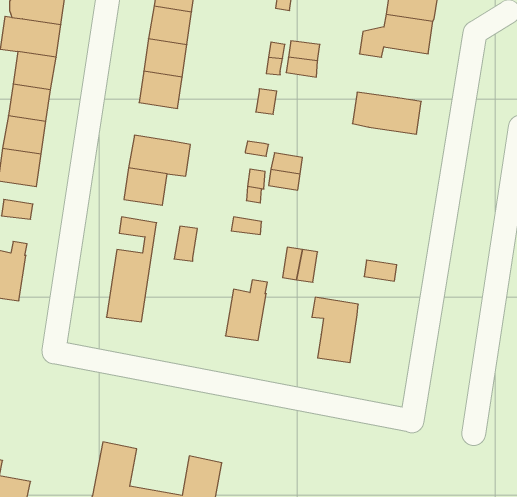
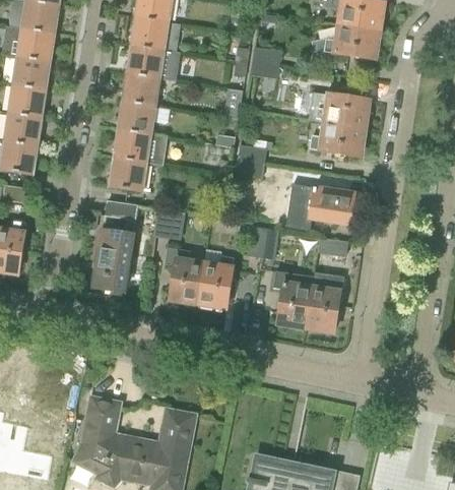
building: none -> [119,101,170,134]
building: none -> [309,122,365,157]
building: none -> [285,184,354,230]
building: none -> [166,247,205,304]
building: none -> [307,277,341,331]

